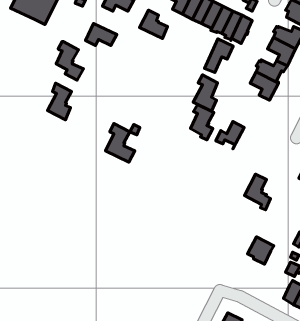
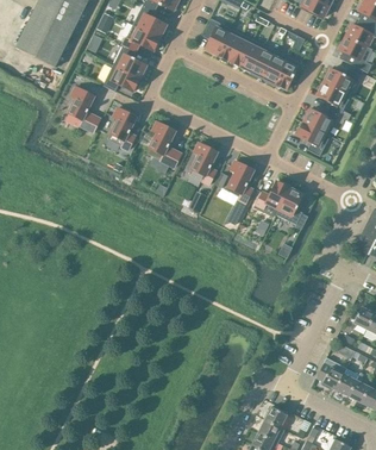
building: [139,10,168,39] -> [112,45,145,79]
building: [204,39,233,72] -> none
building: [193,75,218,111] -> [188,142,217,185]
building: [47,83,72,120] -> [107,107,136,150]
building: [106,124,135,162] -> [146,121,181,167]
building: [244,174,271,210] -> [276,188,307,230]
building: [247,237,274,264] -> [315,357,346,389]

